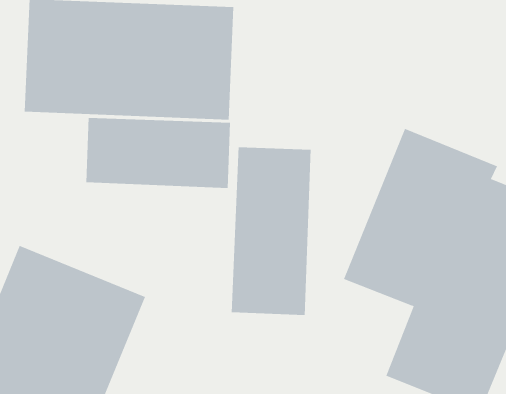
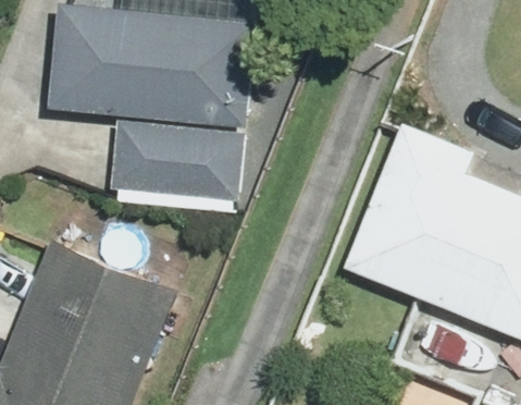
building: [231,146,311,316] -> none

